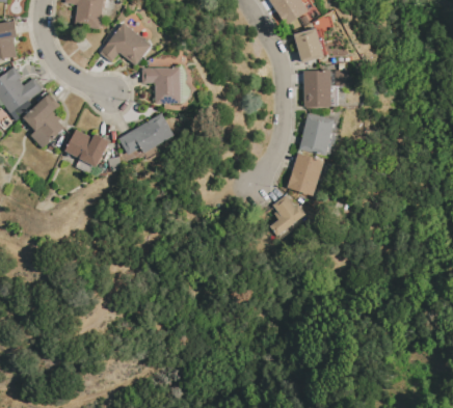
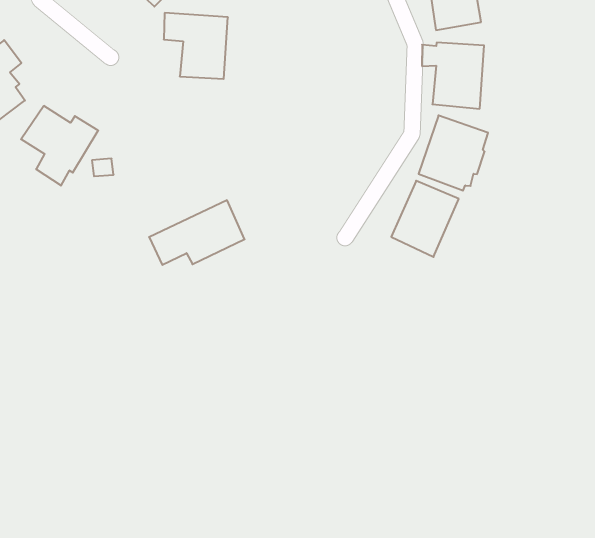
building: [117,112,174,154] -> [149,200,245,265]
building: [270,193,308,236] -> none

